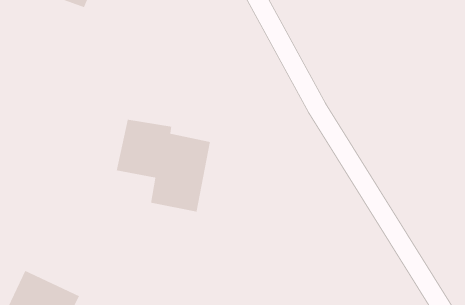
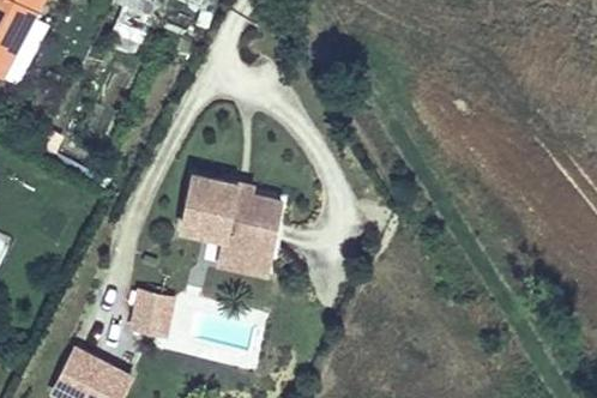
building: none -> [127,289,176,339]

